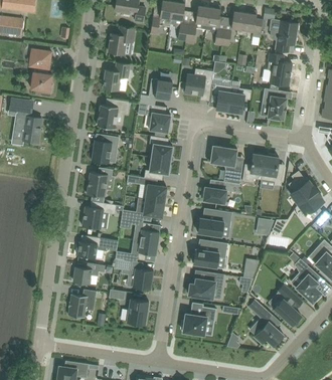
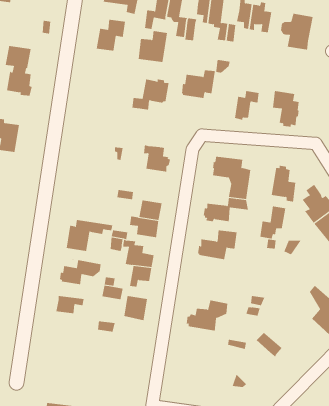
building: [268,53,291,85] -> none
building: [103,63,129,91] -> [138,30,168,63]
building: [212,84,231,113] -> none
building: [97,100,129,129] -> none
building: [145,105,170,133] -> none
building: [92,136,118,163] -> none
building: [241,154,265,183] -> [260,206,286,239]
building: [144,157,170,180] -> none
building: [87,167,112,197] -> none
building: [191,241,227,267] -> none
building: [274,284,302,325] -> none
building: [67,290,96,318] -> none
building: [126,299,148,326] -> none
building: [181,307,215,335] -> none
building: [254,322,283,346] -> none

